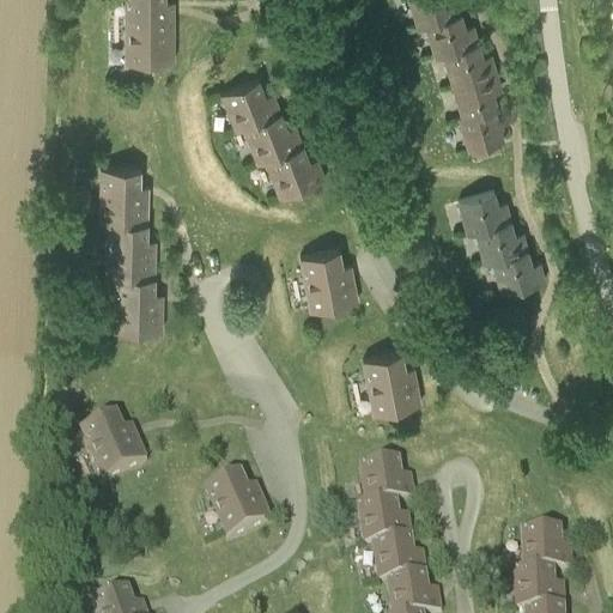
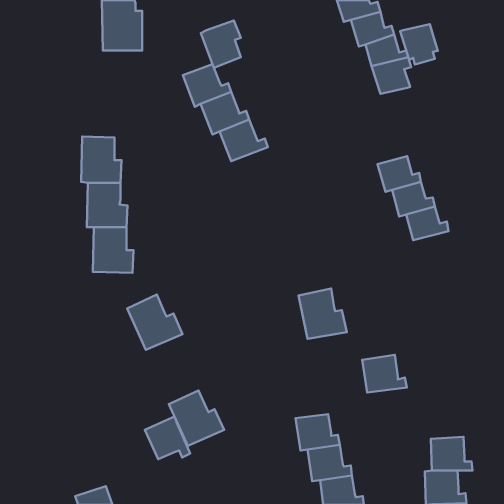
building: none -> [201,21,241,68]
building: [459,108,504,157] -> [400,24,438,65]
building: [301,249,358,310] -> none
building: [81,415,148,482] -> [127,295,182,350]
building: [362,461,415,506] -> [362,355,407,392]
building: none -> [145,416,190,459]

